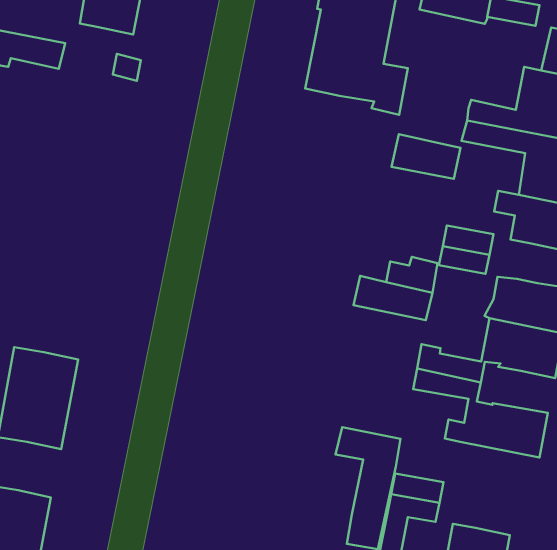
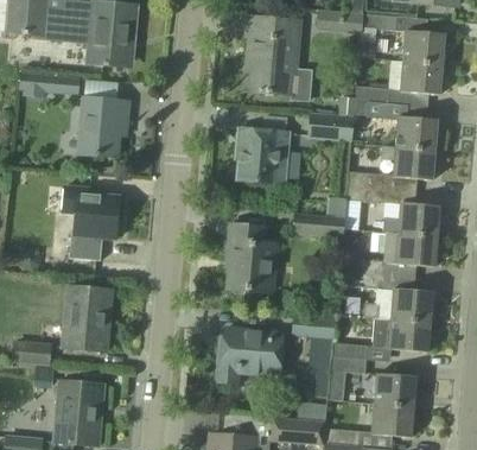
building: none -> [80,97,128,156]
building: none -> [236,127,288,182]
building: none -> [63,185,121,259]
building: none -> [227,223,276,291]
building: none -> [216,327,282,381]
building: none -> [371,316,430,351]

